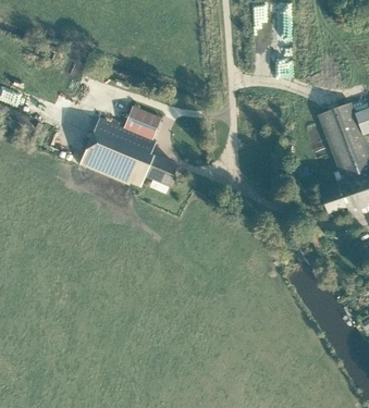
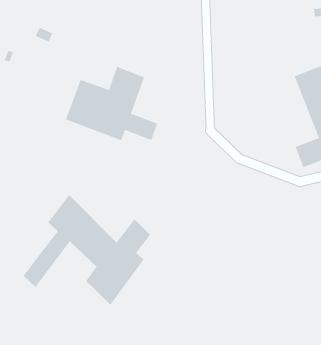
building: none -> [23,194,151,306]

